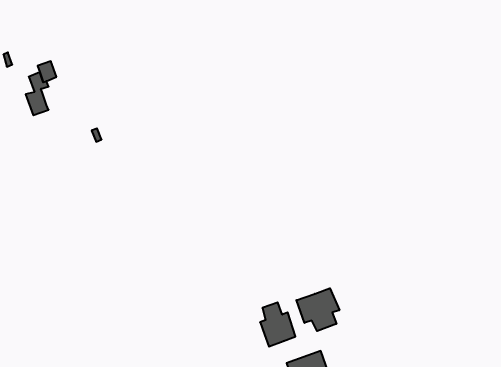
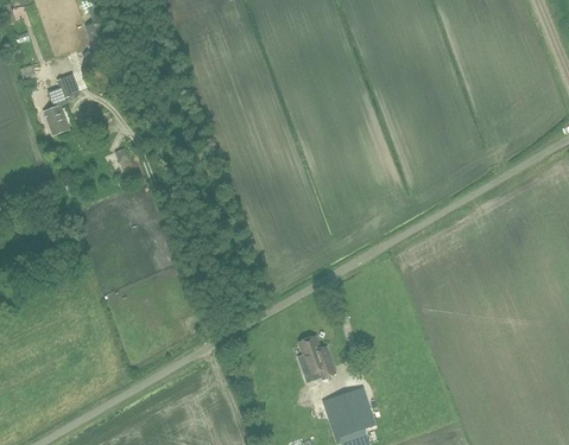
building: [296,288,339,331] -> none

